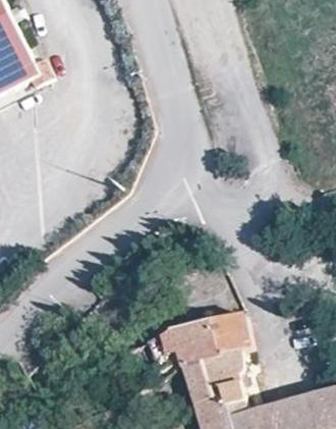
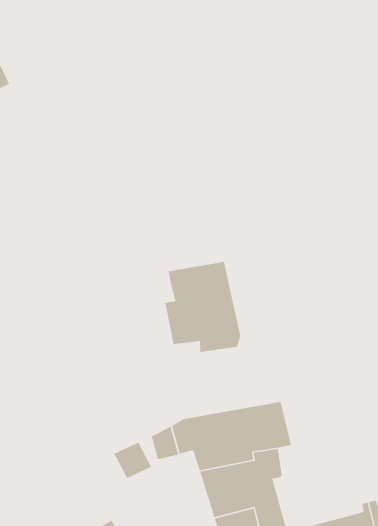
building: none -> [164,261,241,353]

